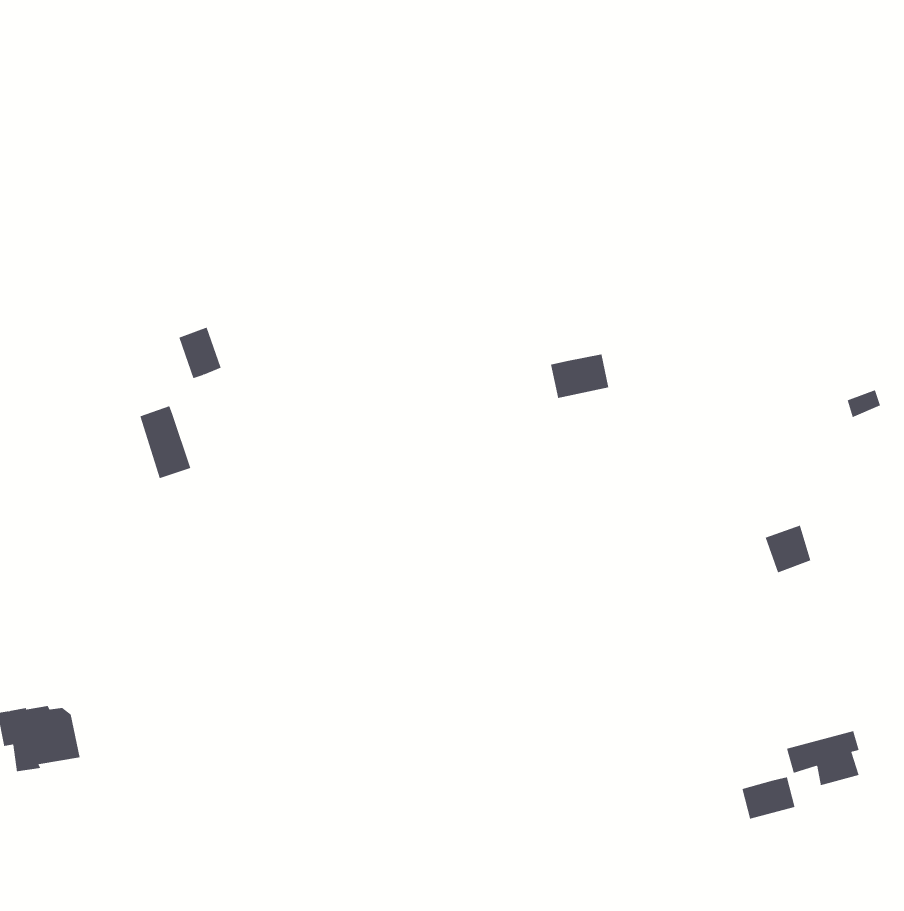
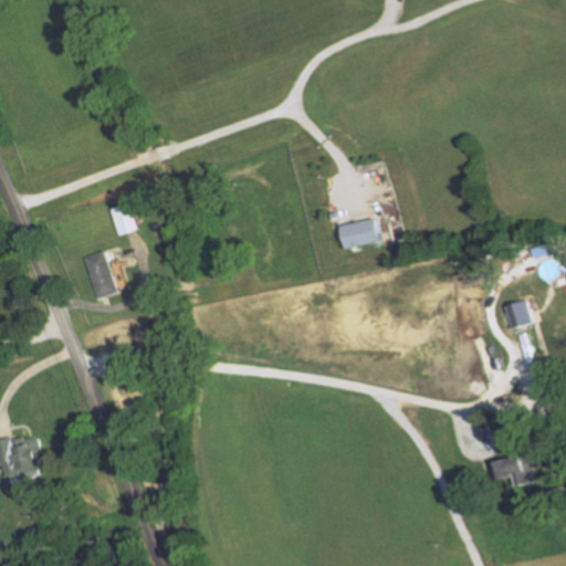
building: [765,525,811,573] -> [499,298,527,328]
building: [742,776,795,819] -> none

